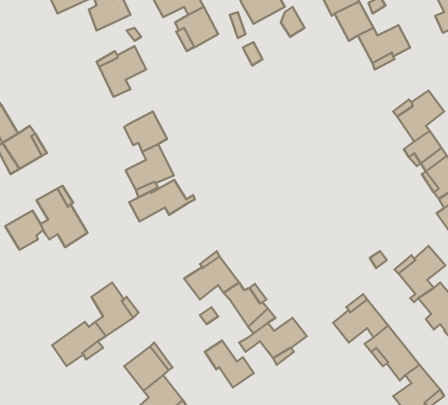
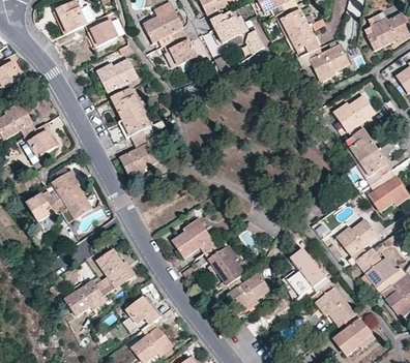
building: none -> [113,91,144,122]
building: [129,180,195,222] -> none
building: [205,340,254,387] -> none

